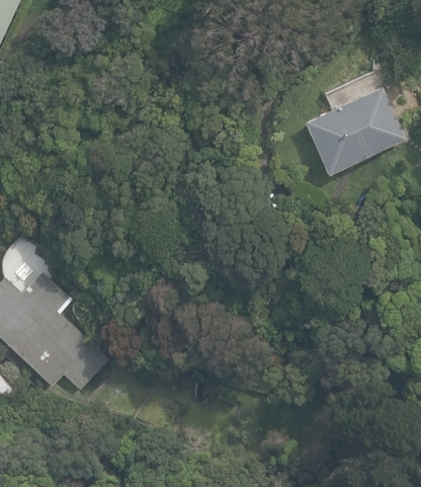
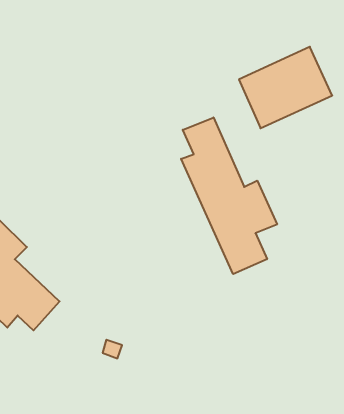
building: none -> [181,117,277,274]

